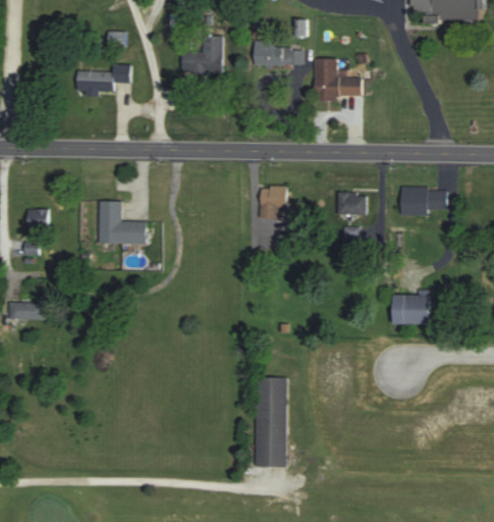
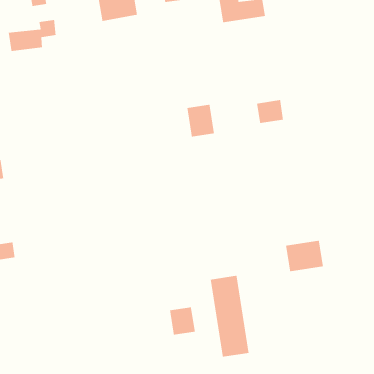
building: [400,188,446,215] -> none
building: [98,201,147,243] -> none
building: [393,294,432,324] -> [285,240,324,272]
building: none -> [169,306,196,336]

